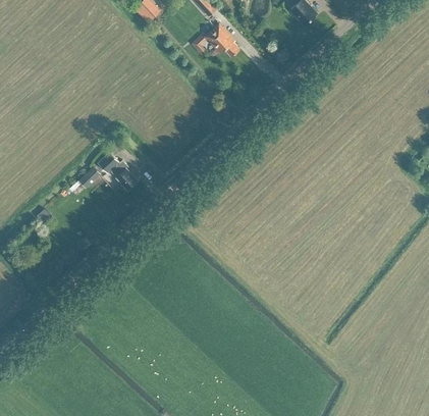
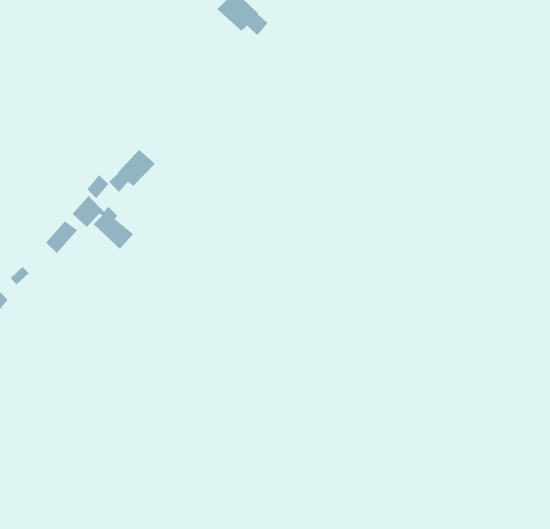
building: none -> [109,149,156,193]

